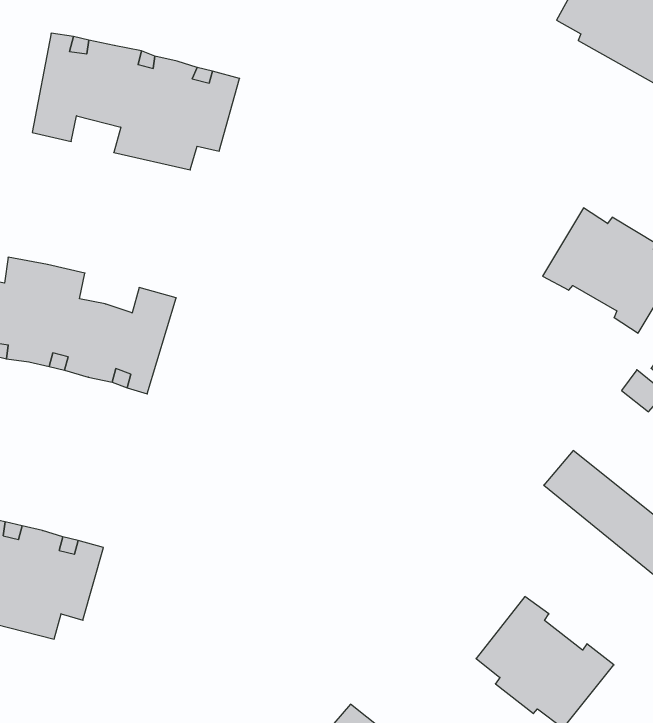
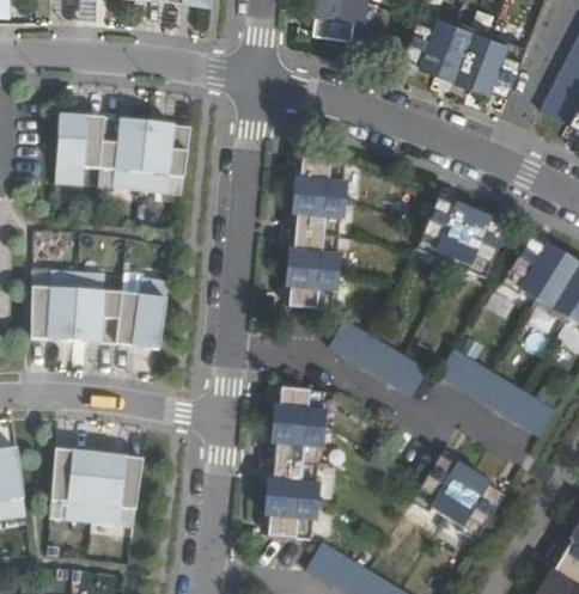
building: none -> [287,159,347,311]
building: none -> [329,319,431,398]
building: none -> [264,388,324,540]

